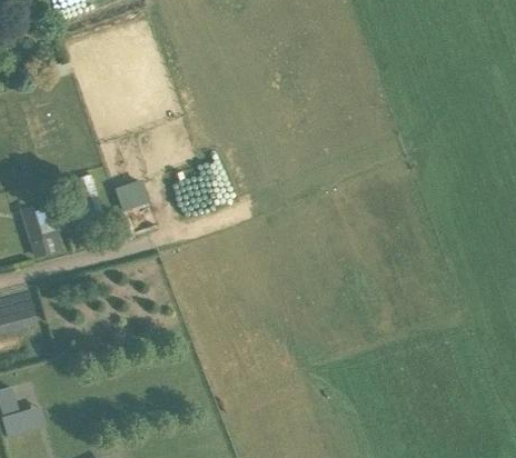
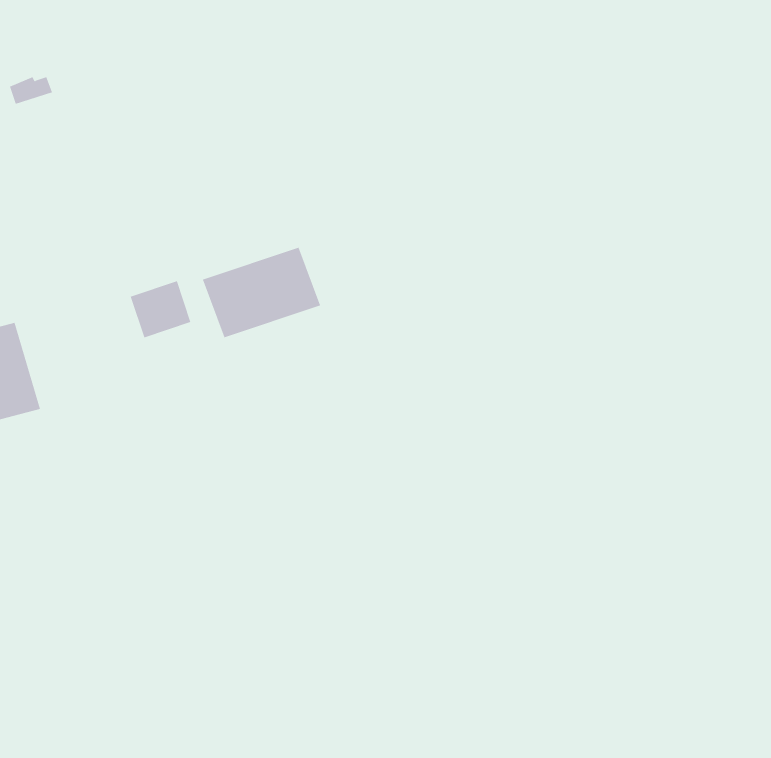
building: none -> [202,247,321,338]

